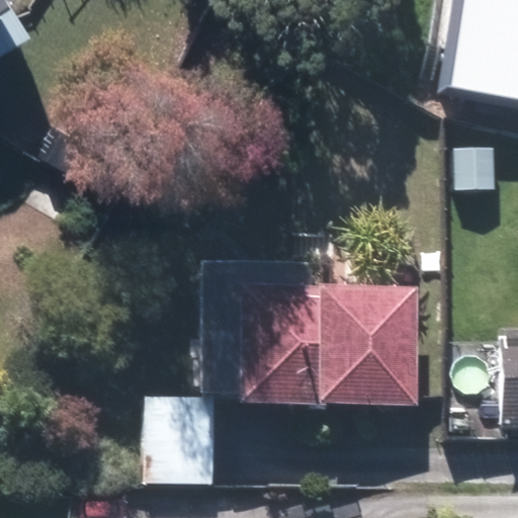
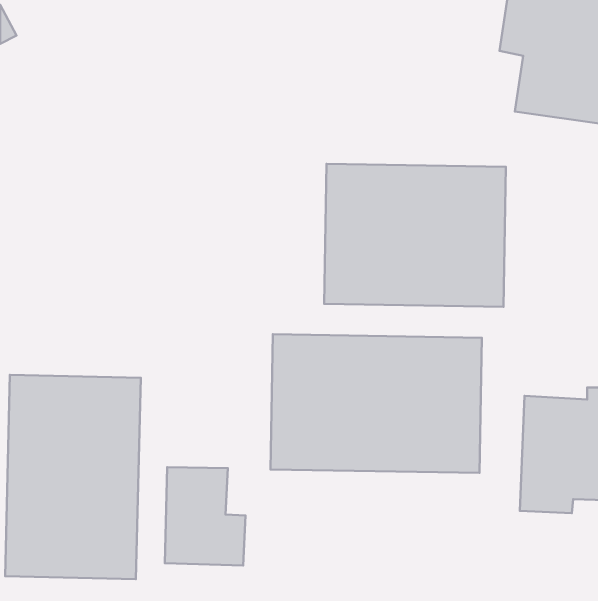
building: none -> [324,164,506,307]
building: none -> [5,375,141,579]

